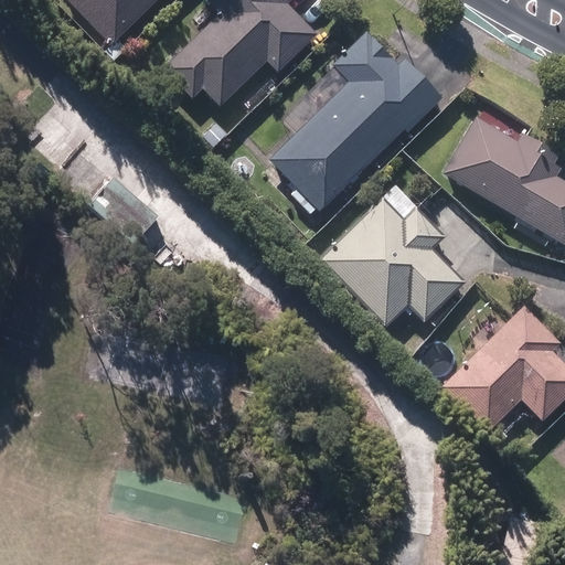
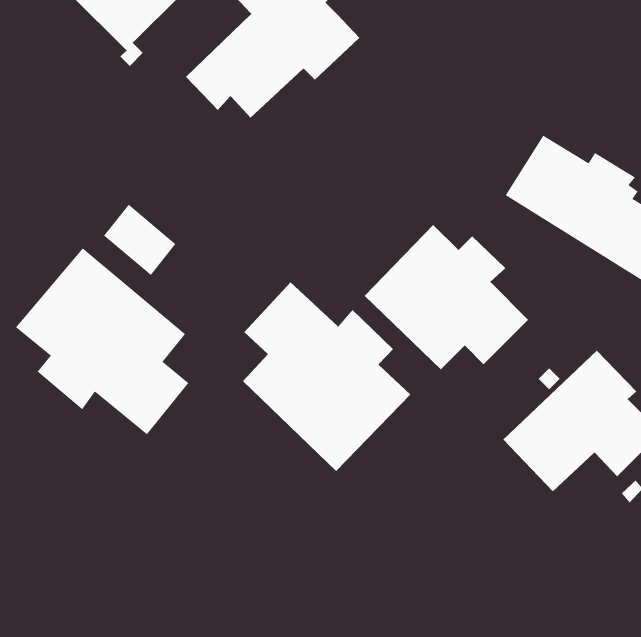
building: [273,32,444,209] -> none
building: none -> [15,247,189,435]
building: none -> [242,281,411,472]

